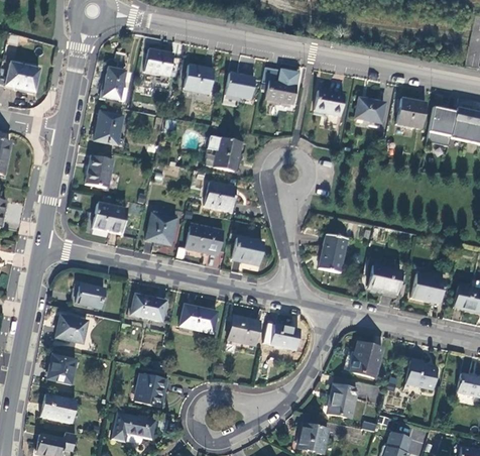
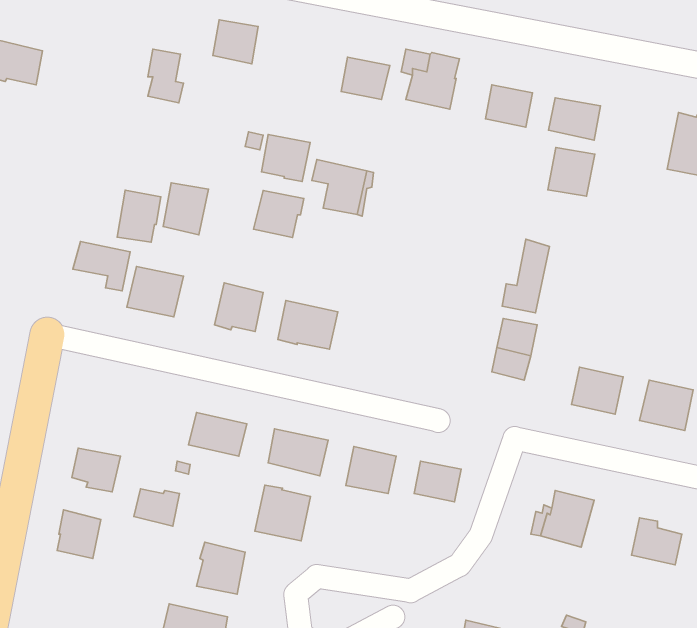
building: [184,64,214,93] -> [262,134,310,181]
building: [396,98,426,128] -> [548,148,595,196]
building: [95,111,123,143] -> [163,183,209,235]
building: [205,181,236,210] -> [254,190,304,237]
building: none -> [502,239,549,313]
building: none -> [73,241,130,291]
building: [233,236,262,263] -> none
building: [76,284,104,308] -> [134,489,179,526]
building: none -> [255,485,310,541]
building: [328,383,356,418] -> none
building: [43,392,76,422] -> none

